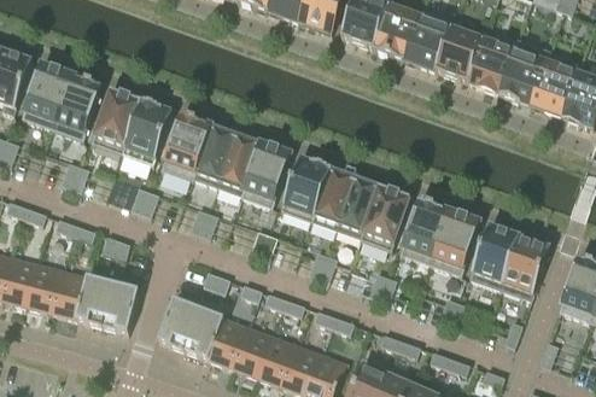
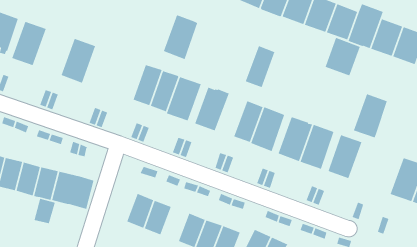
building: [51,75,100,139] -> none
building: none -> [322,37,361,76]
building: [121,99,170,164] -> none
building: [159,113,210,179] -> [163,14,199,60]
building: [309,167,353,228] -> [244,45,276,88]
building: [498,235,548,299] -> [353,93,388,138]
building: [157,299,198,349] -> none
building: none -> [34,198,56,224]
building: [232,327,271,376] -> none

